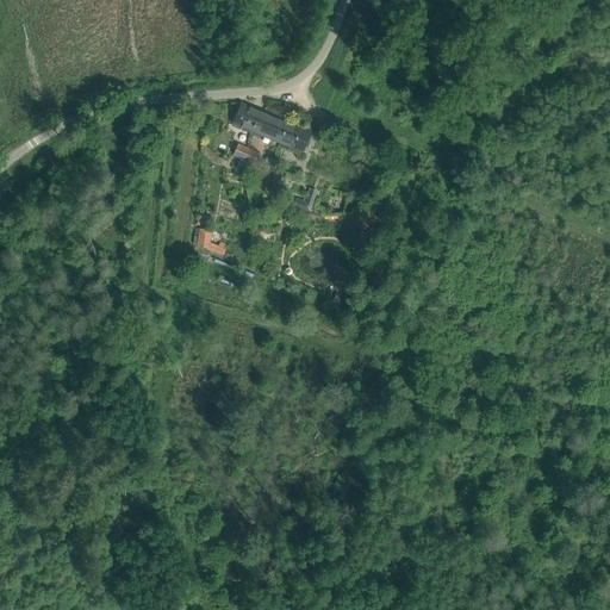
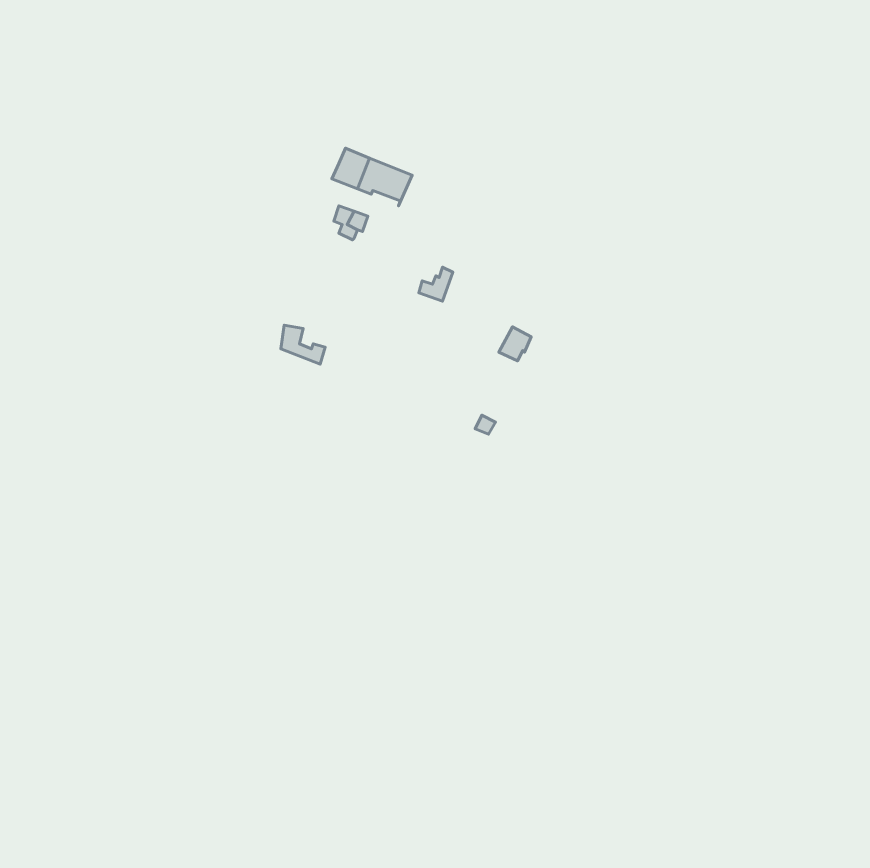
building: [279,123,310,152] -> none

